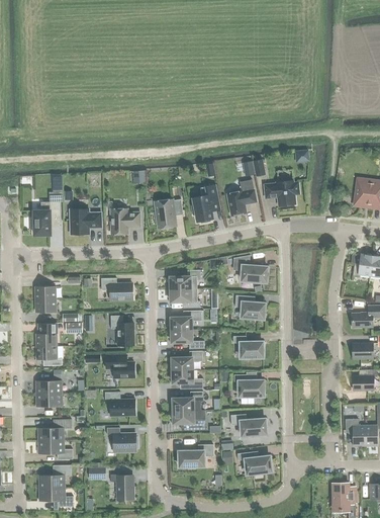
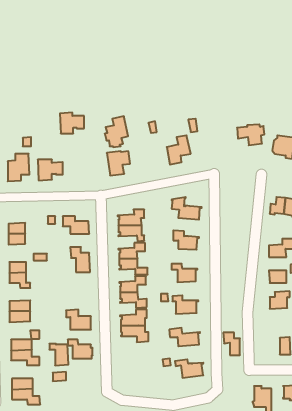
building: [264,180,297,205] -> [237,124,264,145]
building: [190,184,218,222] -> [105,116,128,147]
building: [110,207,139,233] -> [60,113,84,133]
building: [105,354,133,377] -> none
building: [344,418,364,445] -> [223,333,240,355]
building: [176,443,212,467] -> none
building: [109,473,132,500] -> [49,344,68,365]

